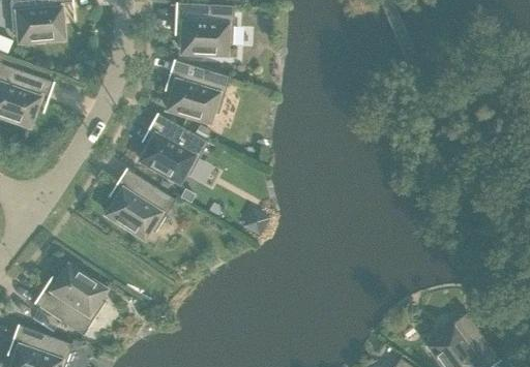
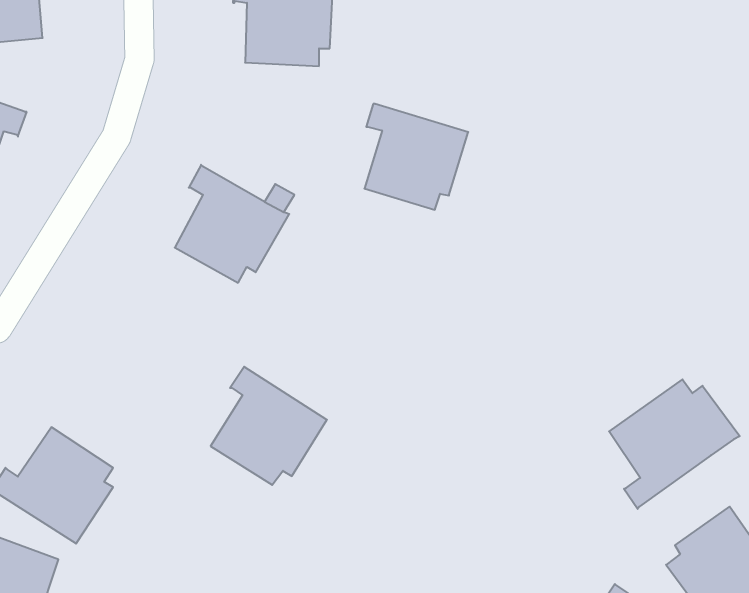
building: [167,61,228,123] -> [364,104,468,210]
building: [106,170,174,239] -> [211,367,327,485]
building: none -> [609,379,740,509]

